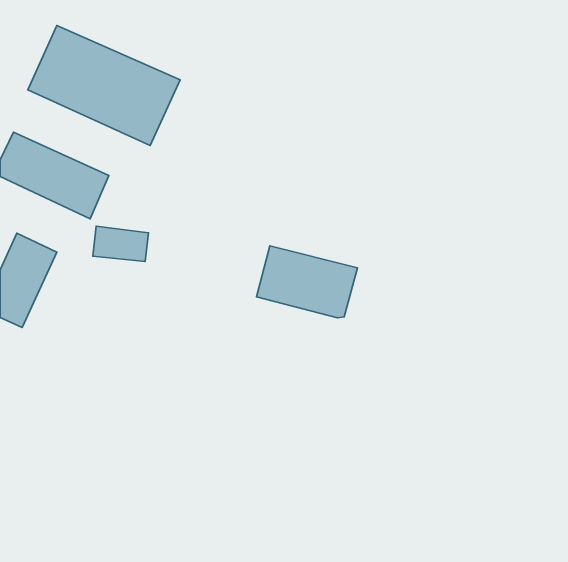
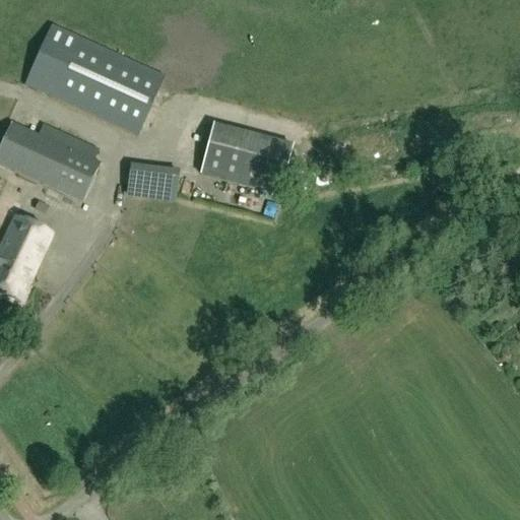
building: [93,226,148,262] -> [127,164,178,196]
building: [256,246,358,318] -> [200,124,292,190]

